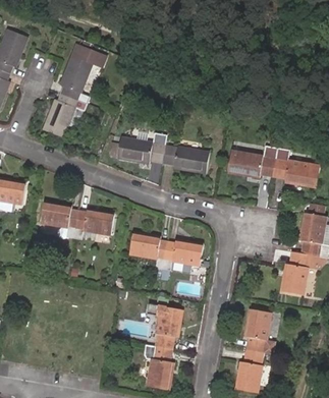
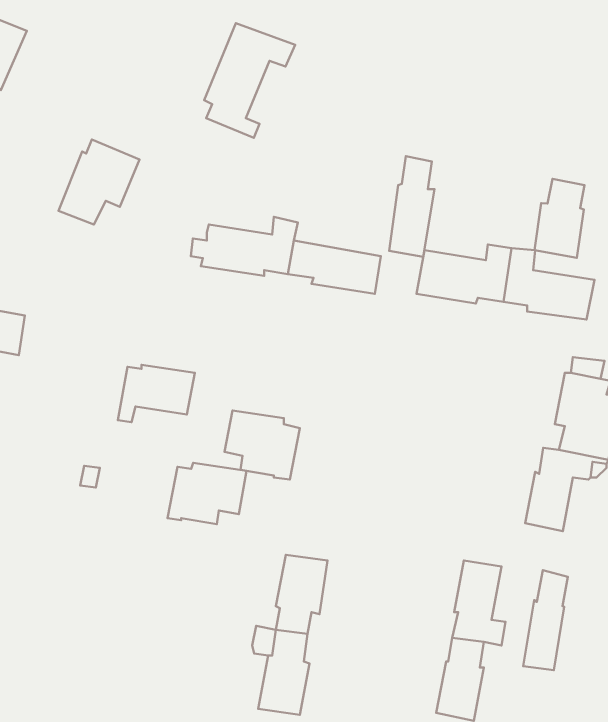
building: [59,44,106,103] -> [204,23,295,138]
building: none -> [389,156,434,257]
building: none -> [535,179,584,258]
building: [40,202,78,237] -> none
building: [162,239,203,271] -> [167,463,247,524]
building: none -> [523,570,568,670]

